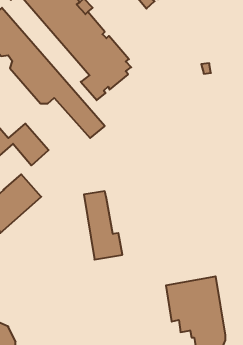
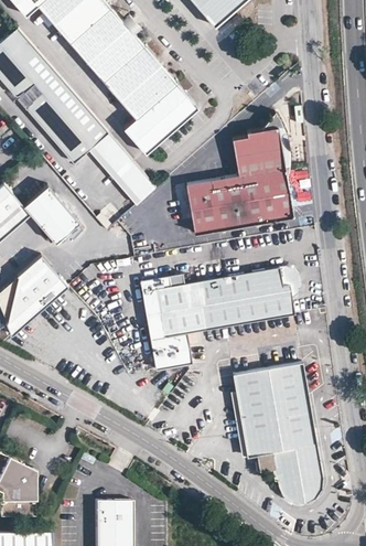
building: none -> [186,111,293,233]
building: none -> [158,266,305,336]
building: none -> [233,361,308,407]

